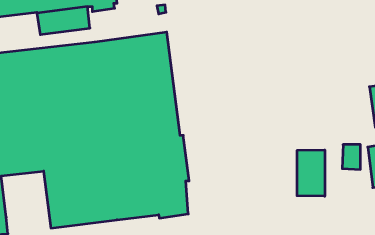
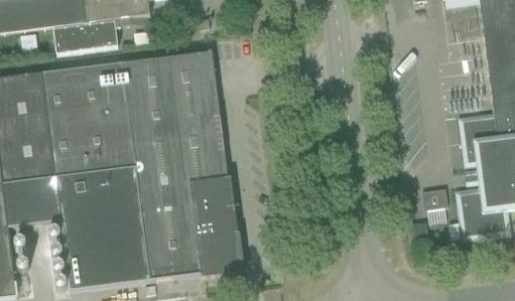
building: [297,150,325,196] -> none

